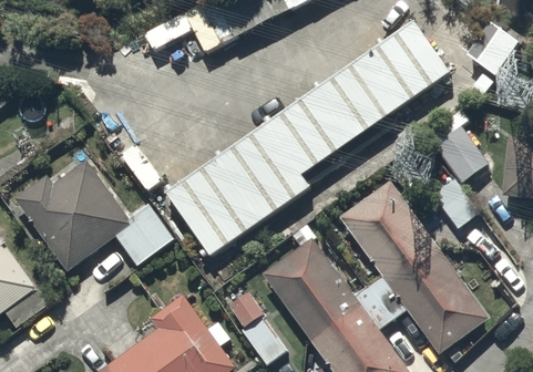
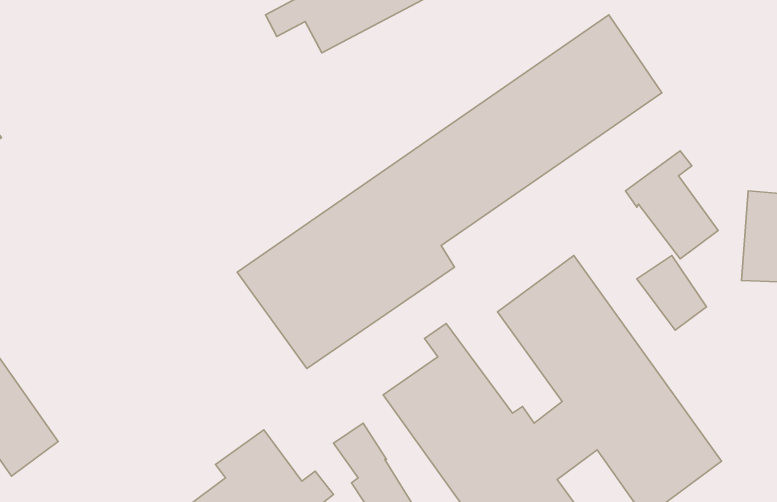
building: [460,21,519,75] -> none
building: [14,161,173,273] -> none

